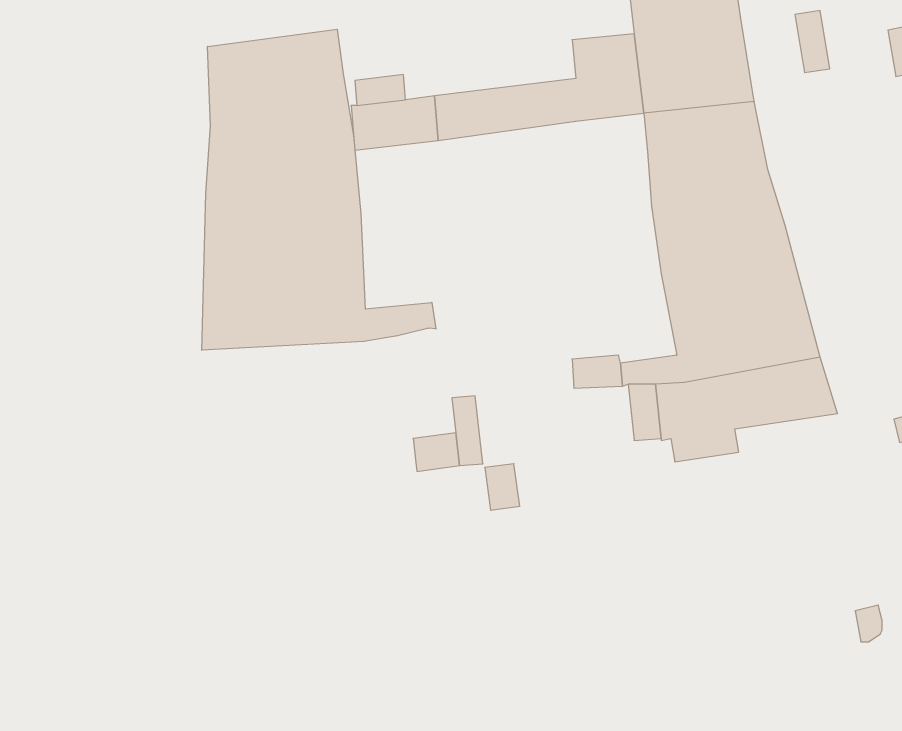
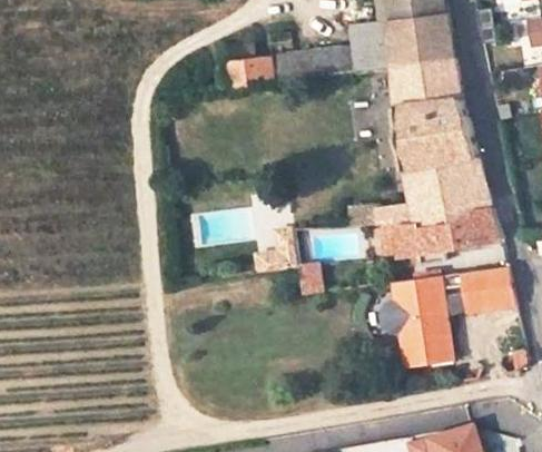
building: [202,29,436,350] -> none
building: none -> [381,265,514,364]

